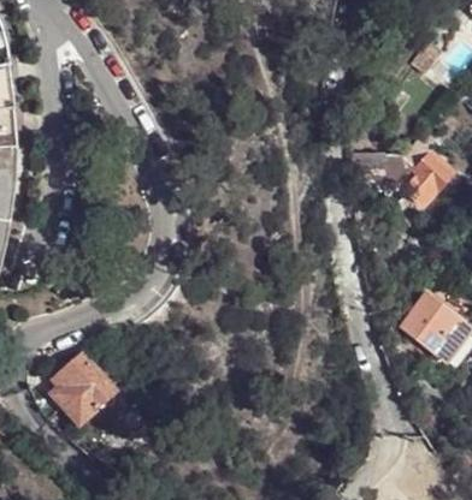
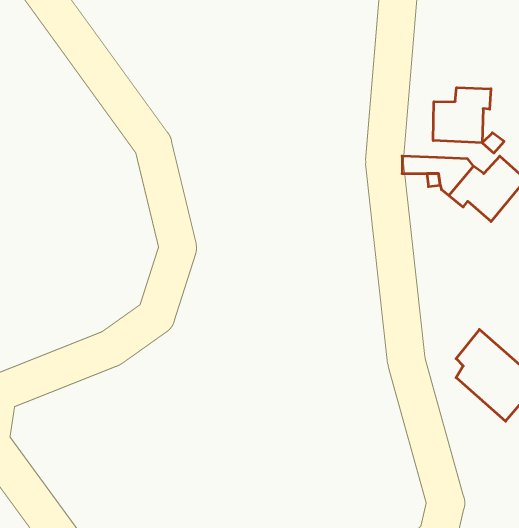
building: none -> [433,88,491,143]
building: [57,351,124,422] -> none

